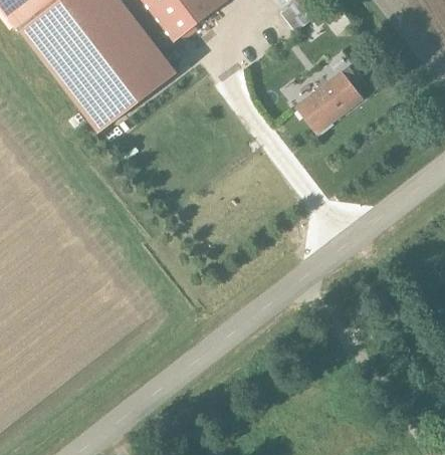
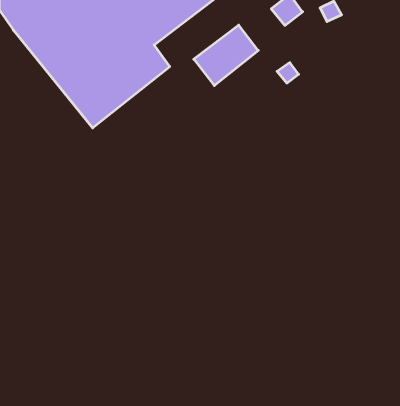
building: [297,68,364,131] -> [194,25,258,86]

